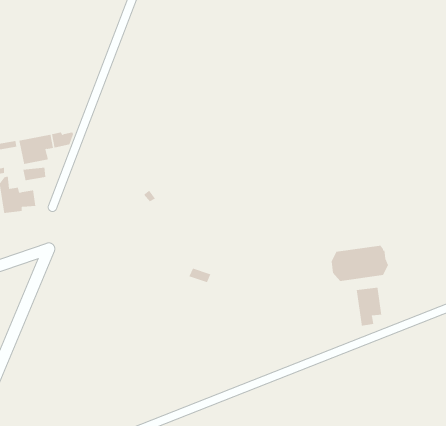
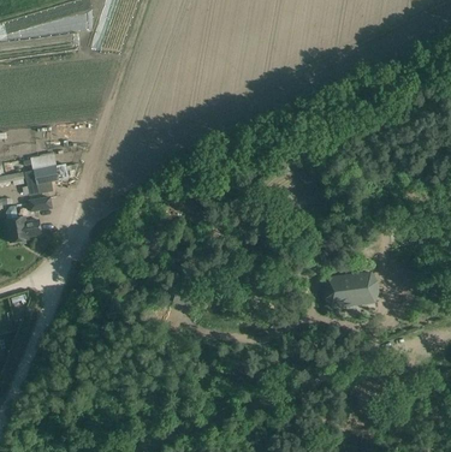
building: [356,287,382,326] -> none

